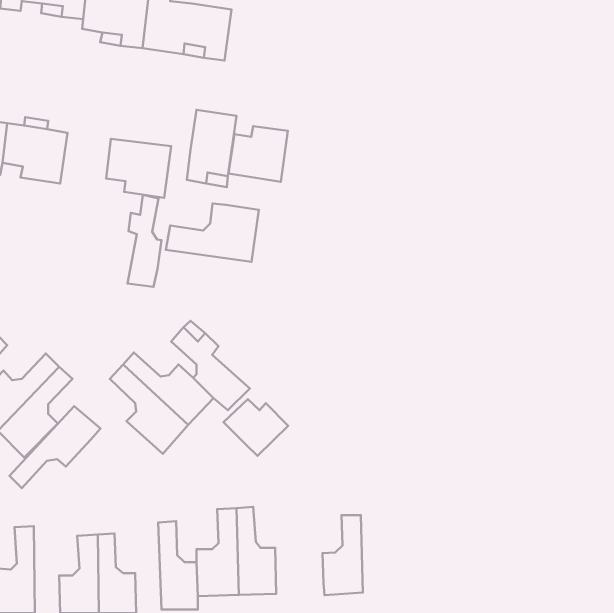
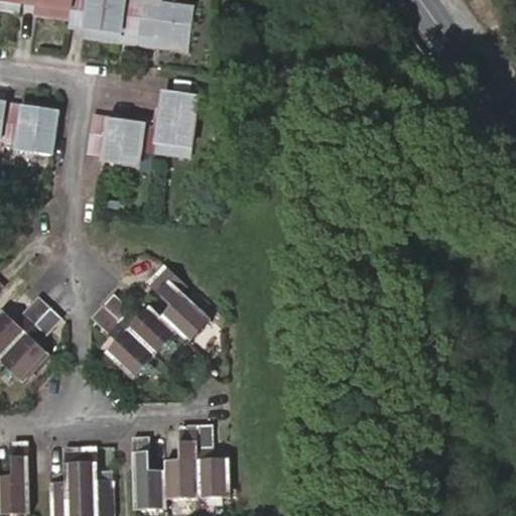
building: [228,126,288,182] -> none
building: [128,195,161,287] -> none
building: [166,203,259,262] -> none
building: [223,399,288,456] -> none
building: [9,406,100,488] -> none
building: [322,515,363,595] -> none

